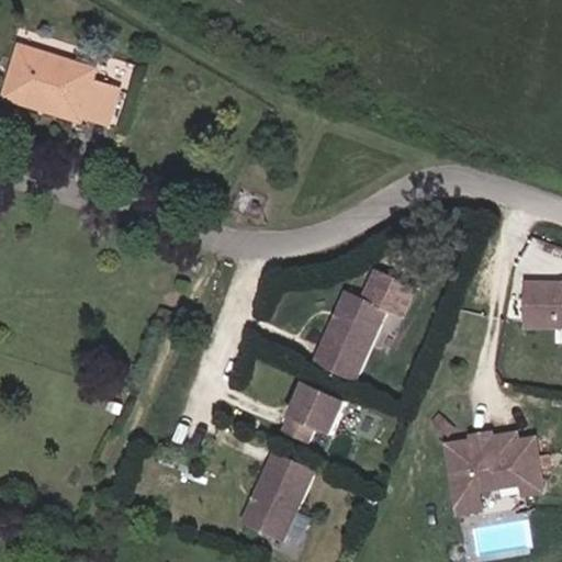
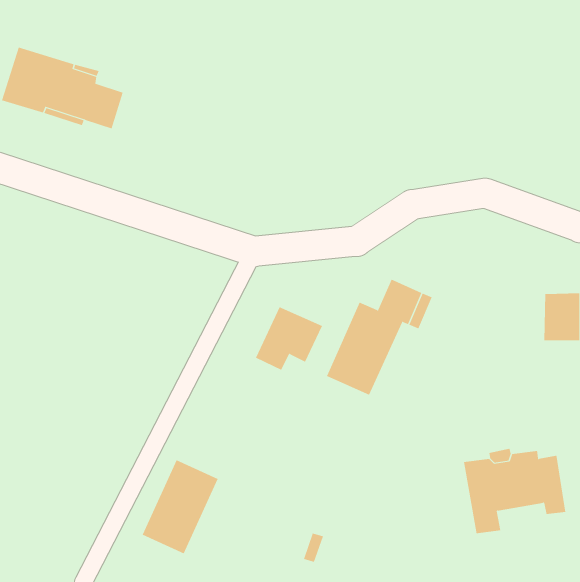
building: [281,381,346,442] -> [255,306,323,370]
building: [240,450,314,541] -> [142,459,218,554]

